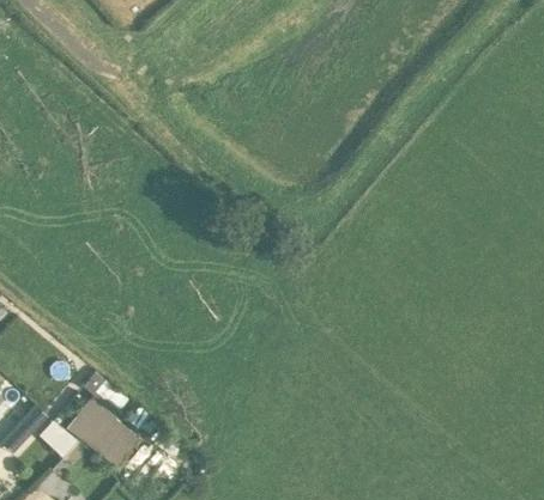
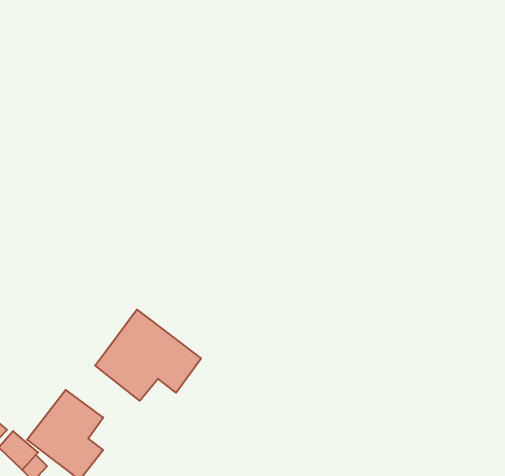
building: none -> [95,310,201,401]

